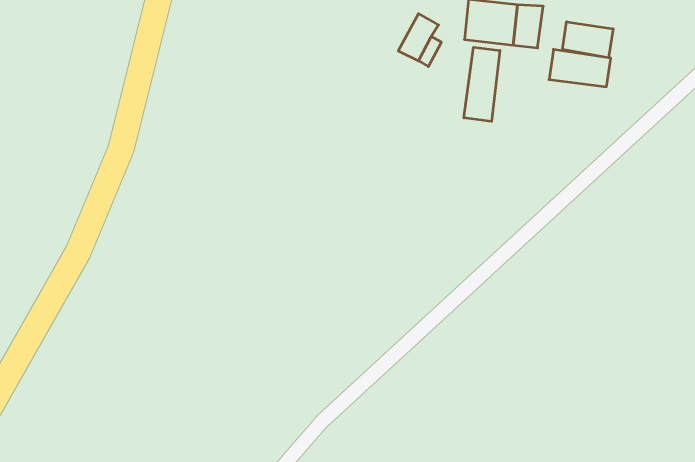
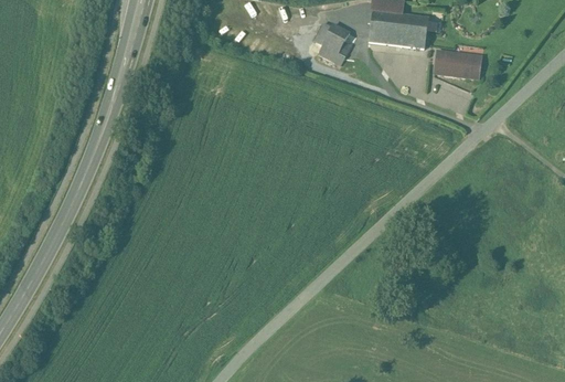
building: [562,22,613,58] -> none
building: [464,47,500,121] -> none

